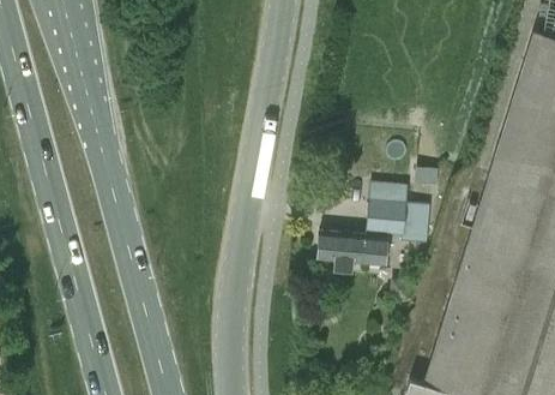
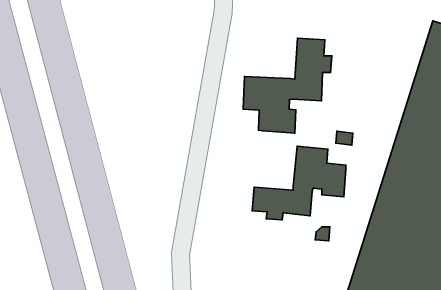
building: none -> [243,38,332,133]

